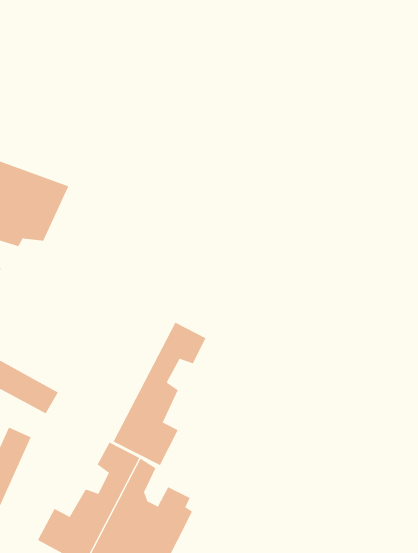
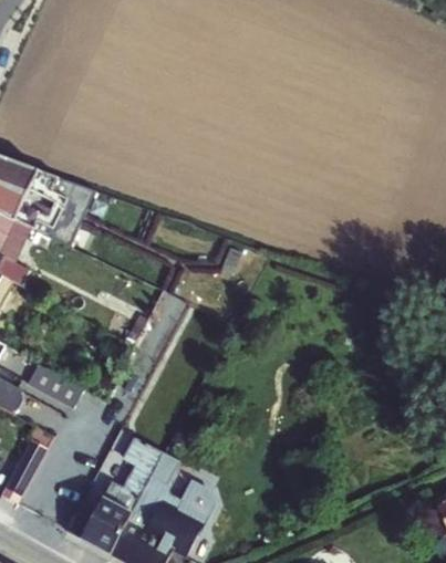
building: [113,322,206,466] -> none

